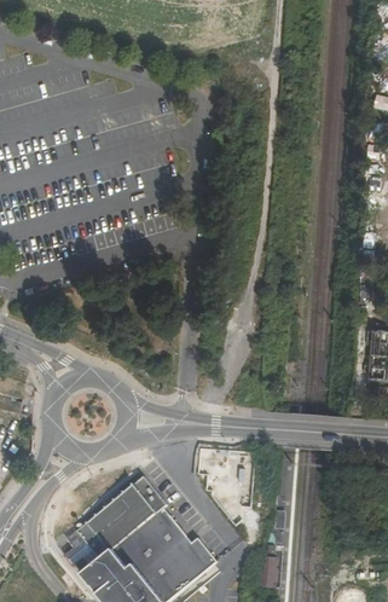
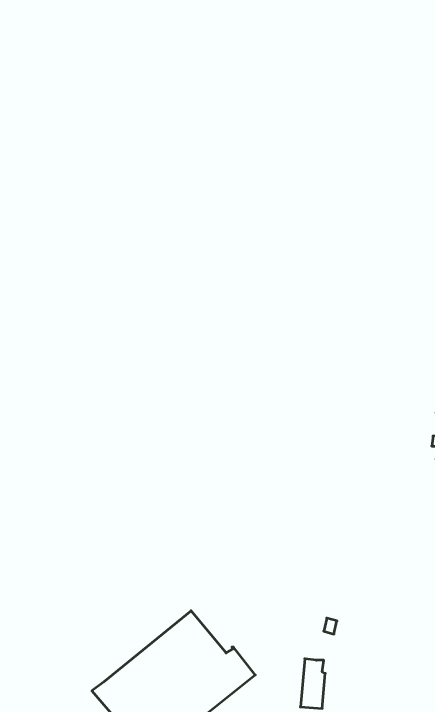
building: [66,481,166,571] -> none

